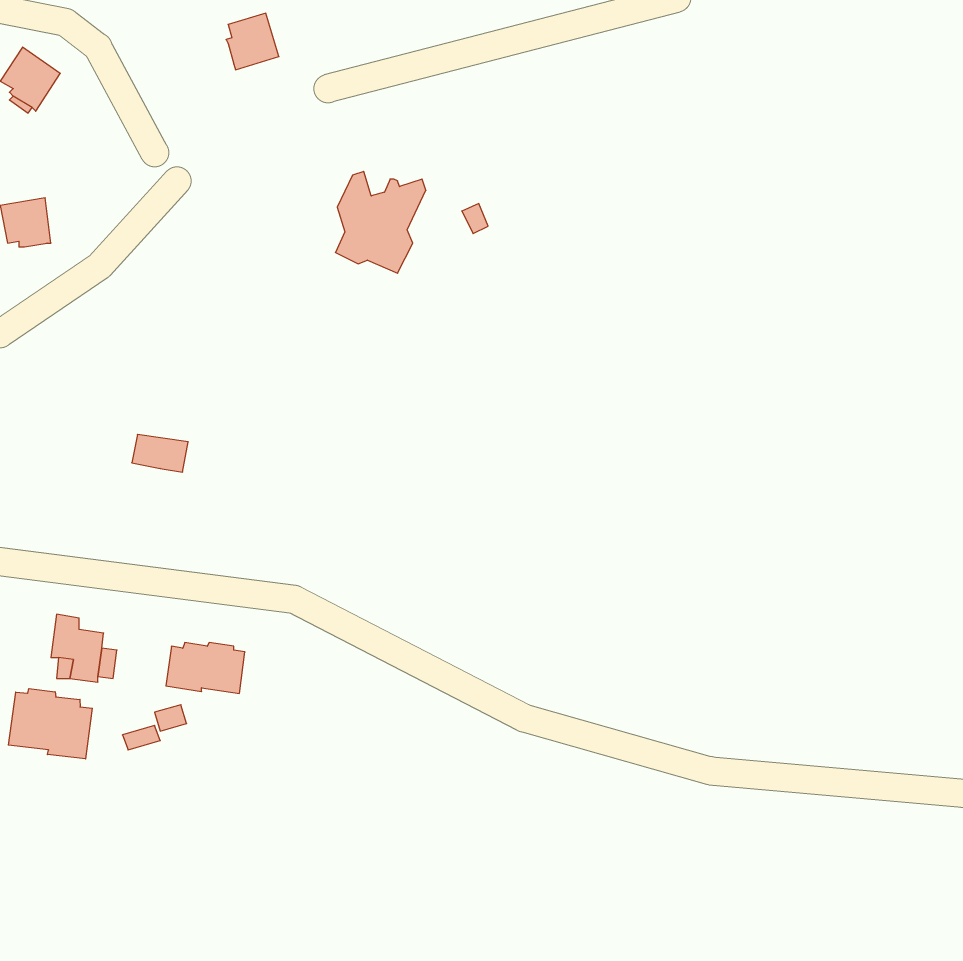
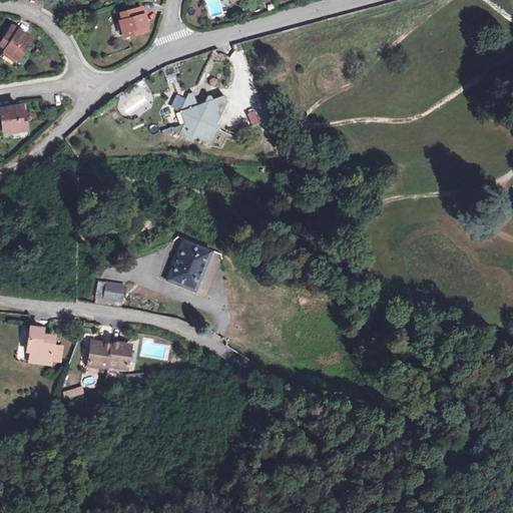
building: [132,434,188,472] -> [95,282,125,302]
building: none -> [166,239,211,292]
building: [8,689,92,759] -> none

